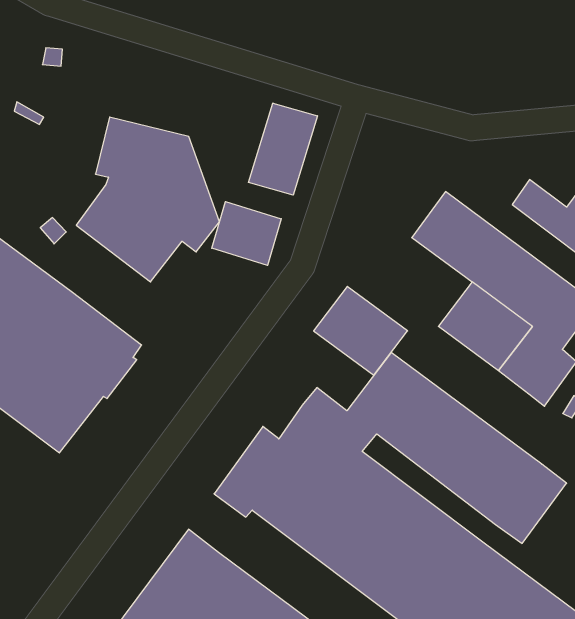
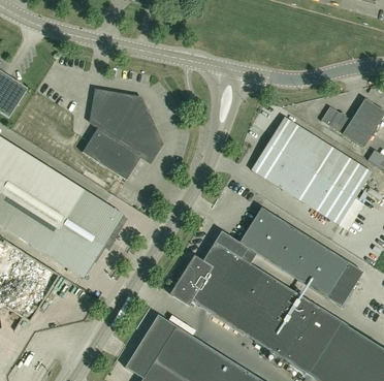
building: [248,103,317,195] -> none
building: [212,202,281,265] -> none
building: [314,286,408,375] -> [251,144,302,191]

